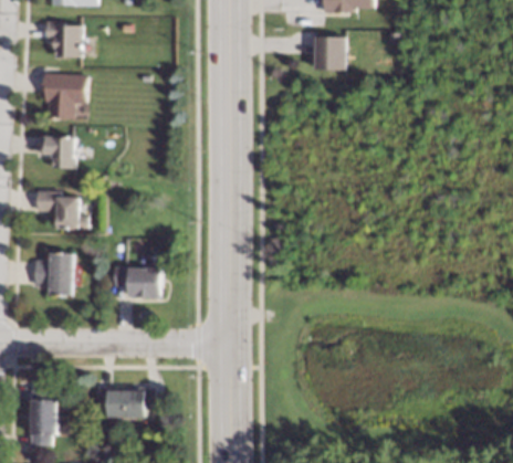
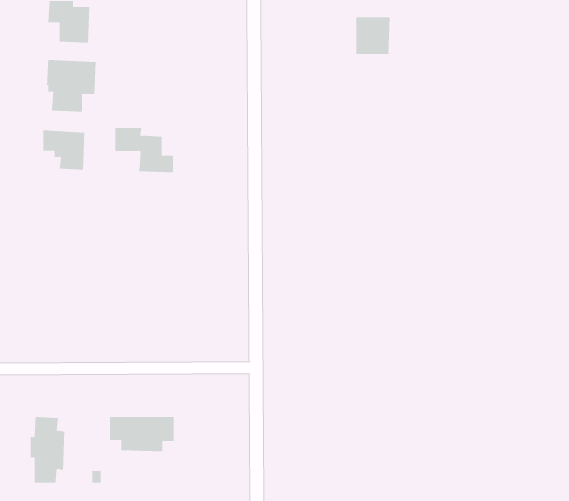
building: [39,190,91,230] -> [115,128,174,173]
building: [35,252,75,297] -> none
building: [113,266,164,298] -> none

